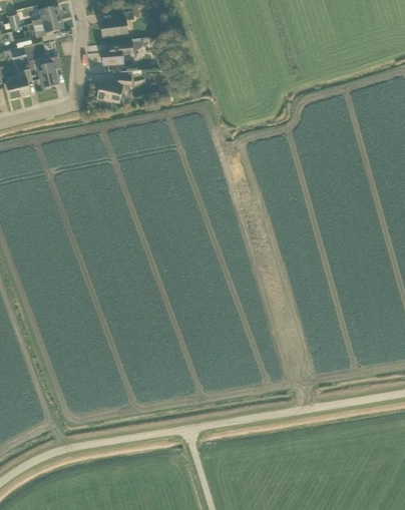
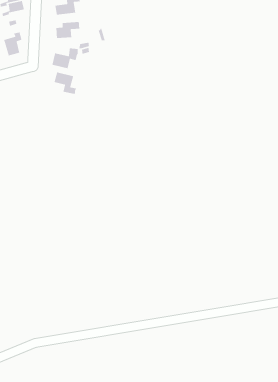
building: none -> [53,72,77,95]

